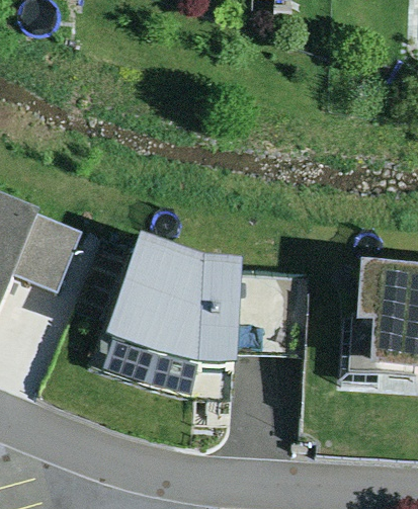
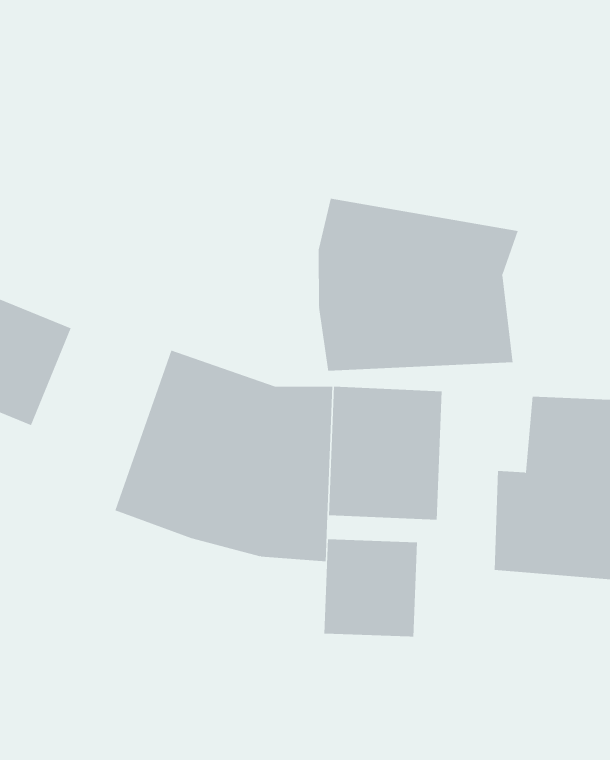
building: none -> [318,198,518,372]
building: none -> [324,538,417,638]

